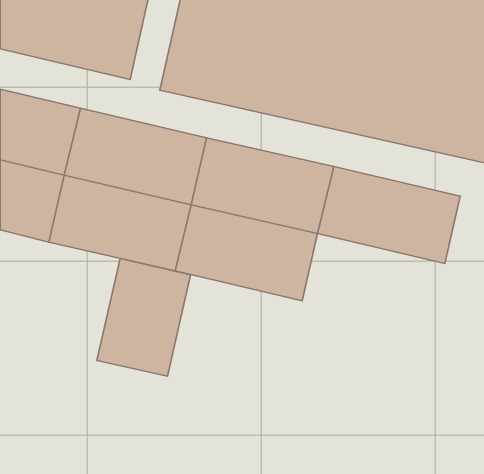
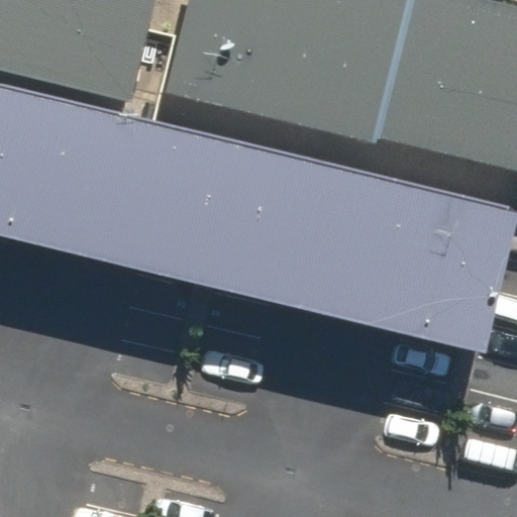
building: none -> [324,246,475,348]
building: [97,258,190,376] -> none

